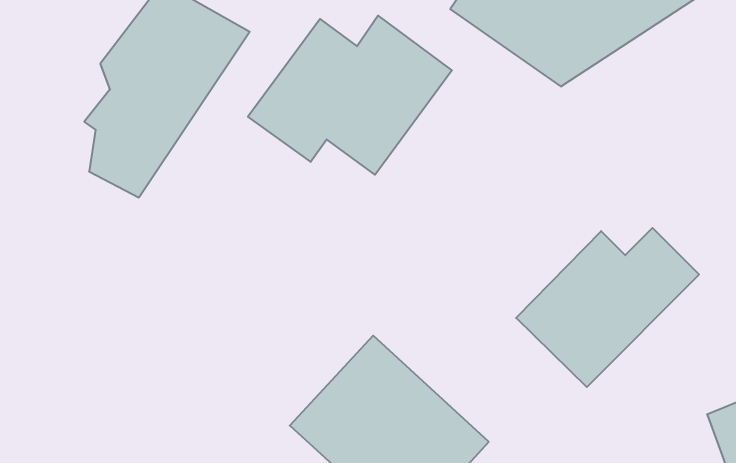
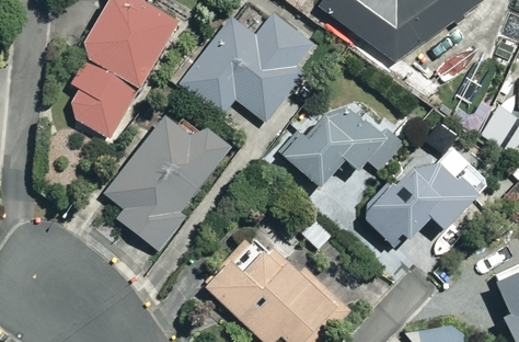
building: none -> [284,102,380,196]
building: none -> [108,115,232,250]

